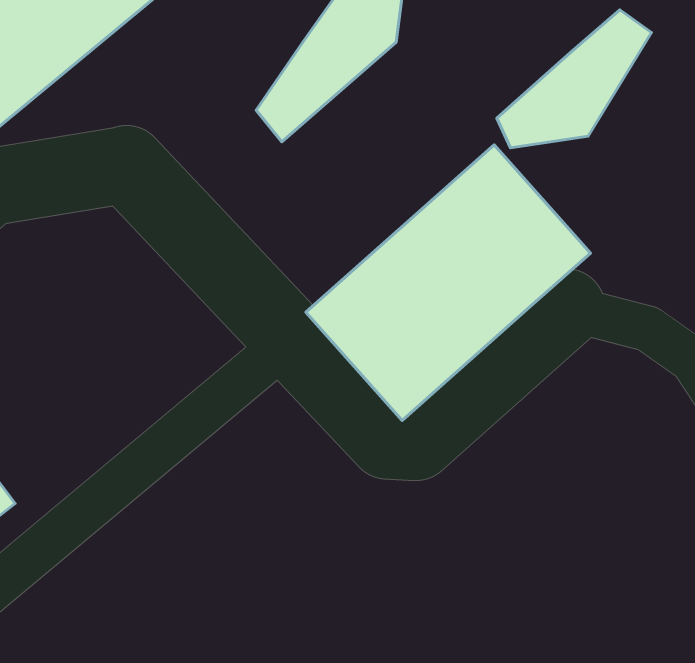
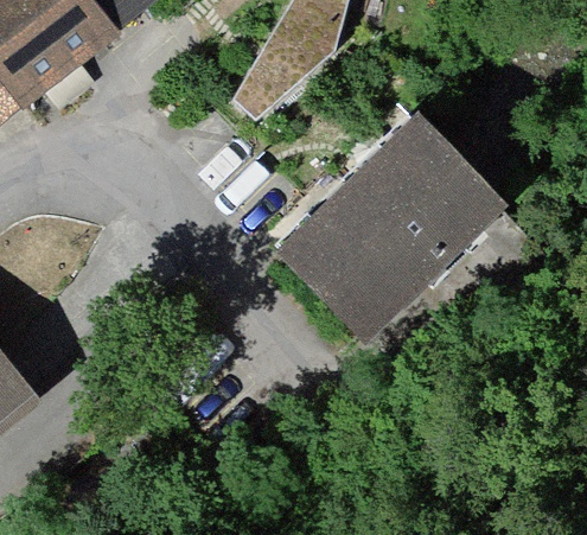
building: [497,10,652,148] -> none

